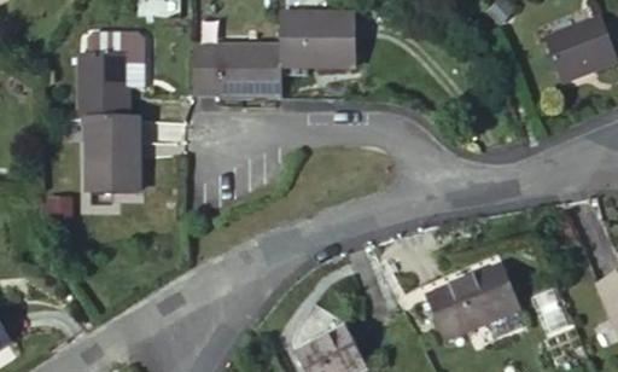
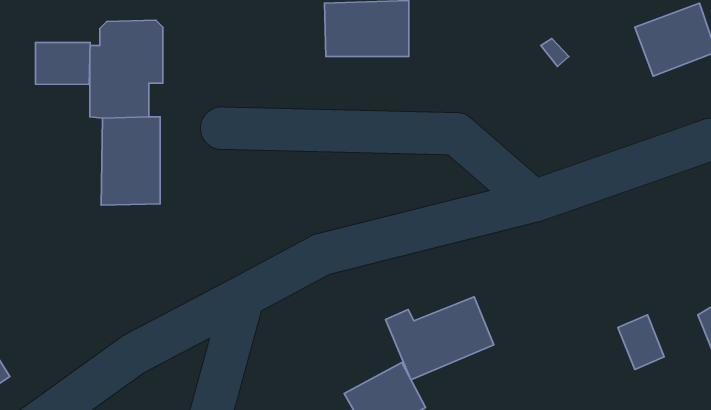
building: [193,45,280,95] -> none
building: none -> [35,42,90,85]
building: [427,267,520,338] -> [386,297,494,380]

